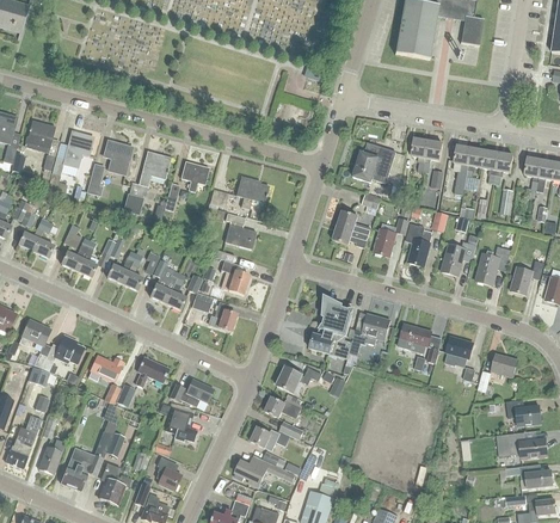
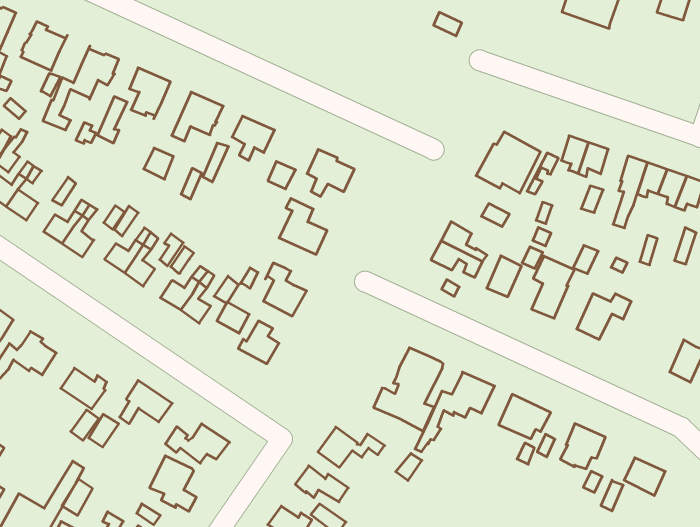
building: [474,246,510,284] -> none

